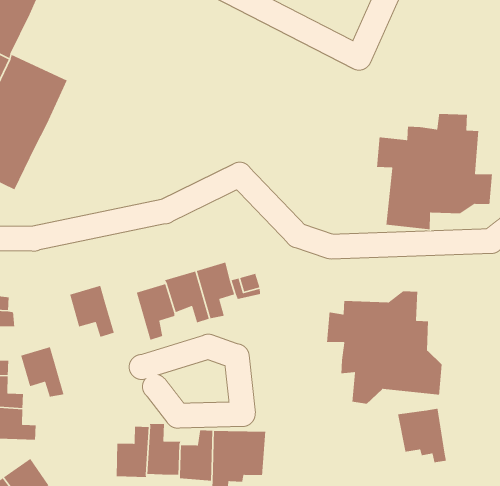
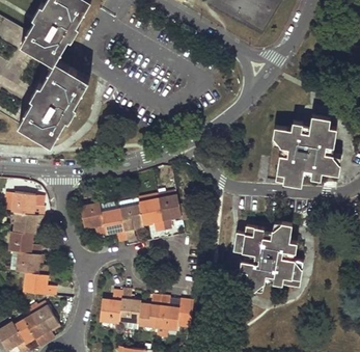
building: [20,346,64,398] -> [102,211,127,242]
building: [397,408,447,463] -> none

